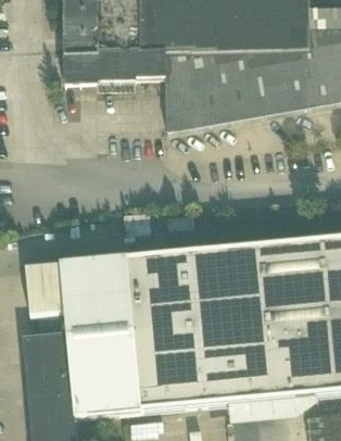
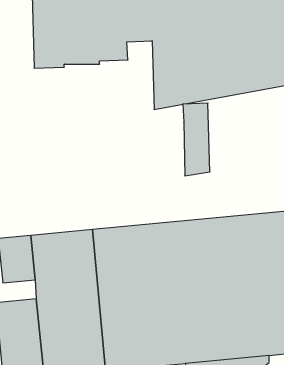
building: [165,53,194,131] -> [183,103,210,176]

